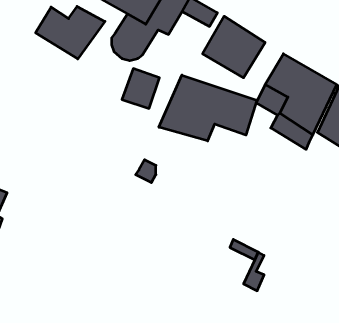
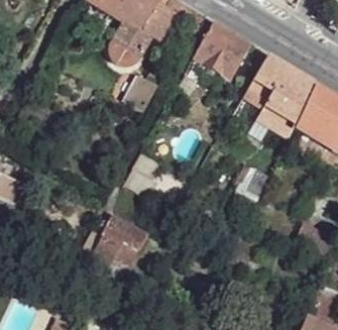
building: [36,6,105,59] -> none
building: [159,75,257,141] -> none
building: none -> [81,216,146,271]

